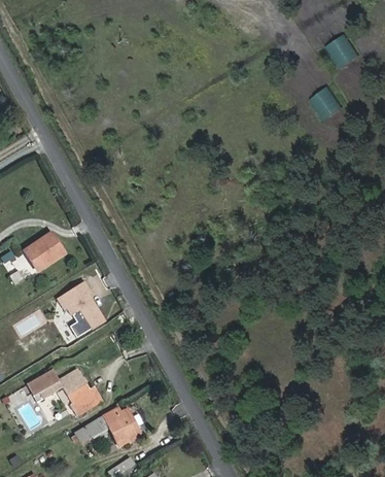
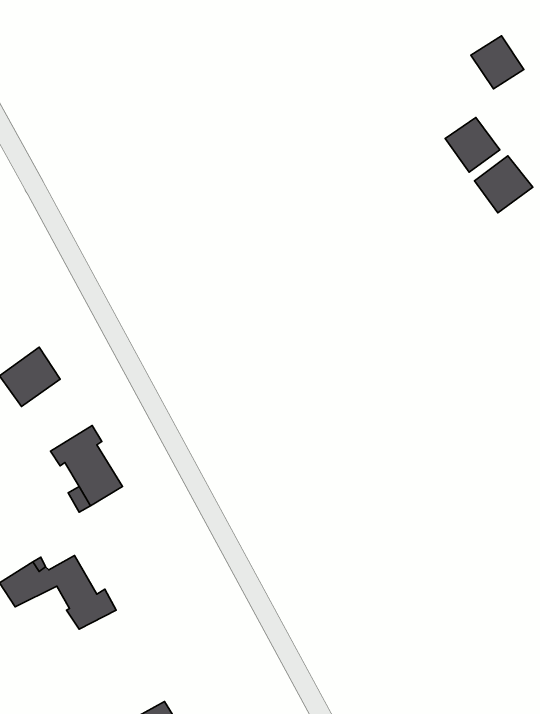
building: none -> [474,156,533,213]
building: [74,407,145,450] -> none

